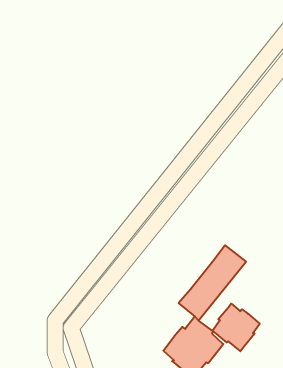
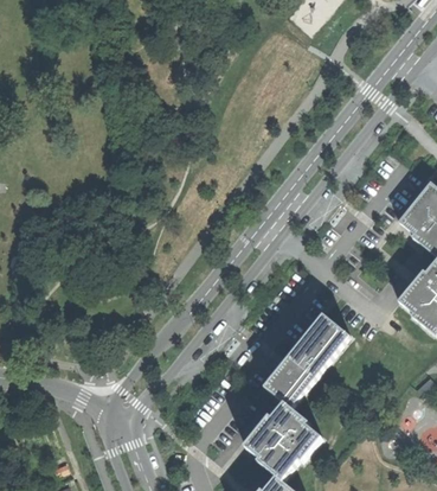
building: [212,304,260,351] -> none

